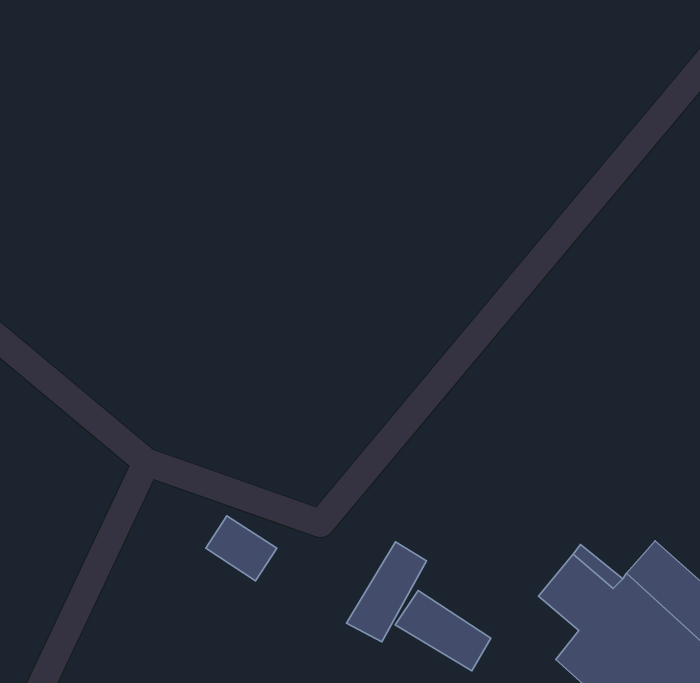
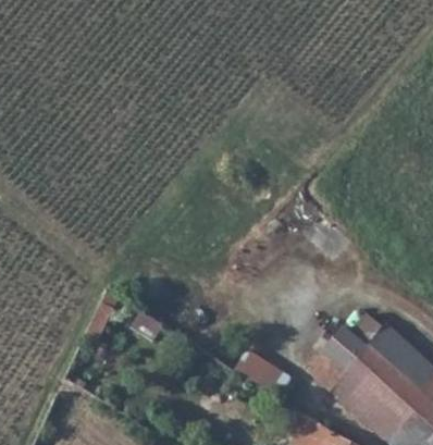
building: [347,542,426,642] -> none

